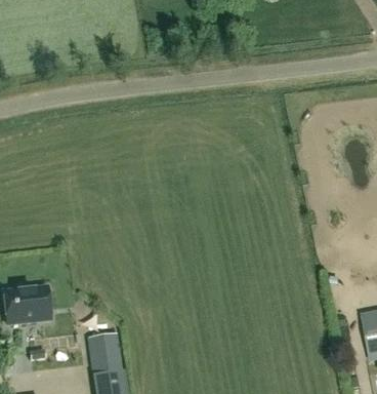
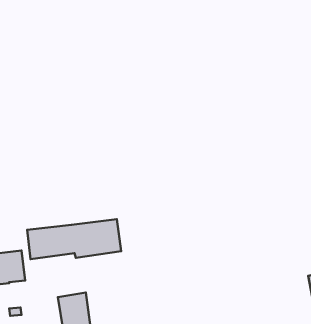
building: none -> [27,219,121,259]

